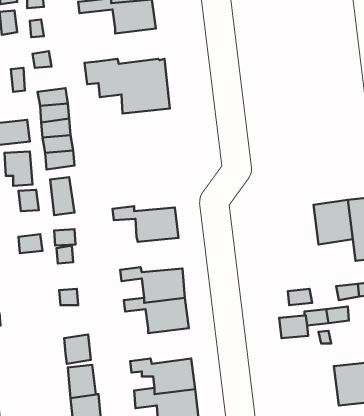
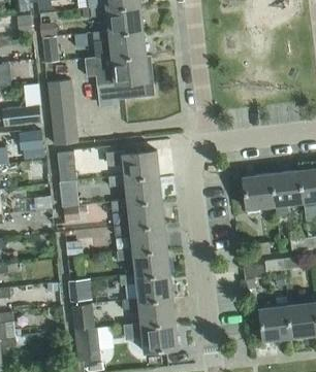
building: none -> [92,31,145,60]
building: none -> [105,150,158,179]
building: none -> [242,174,275,215]
building: none -> [110,200,164,229]
building: none -> [119,274,171,303]
building: none -> [258,305,291,341]

